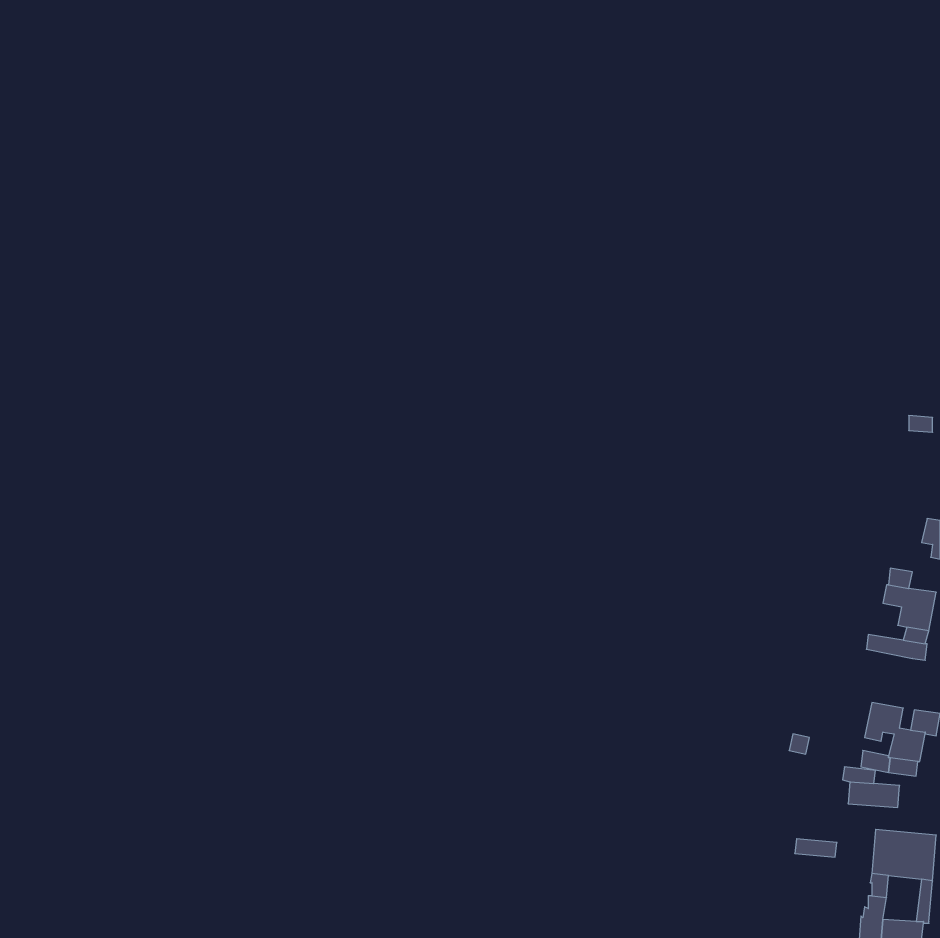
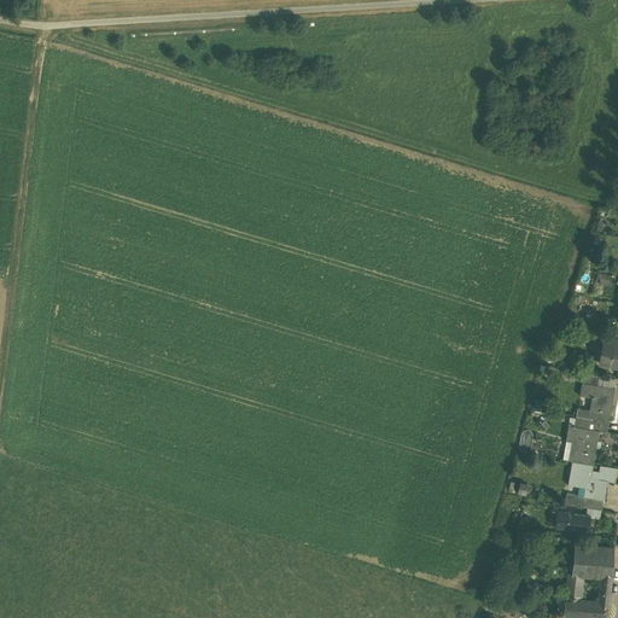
building: none -> [566,427,599,466]

